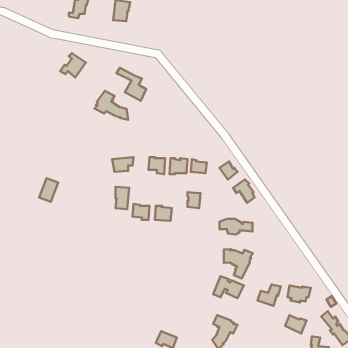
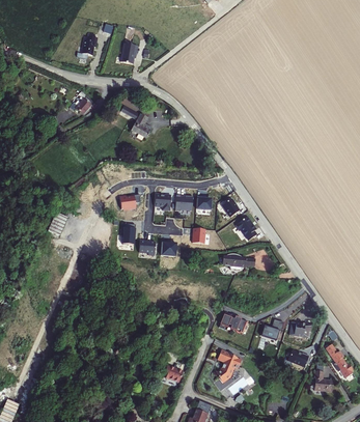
building: [95,91,128,120] -> none
building: [224,249,253,278] -> none

